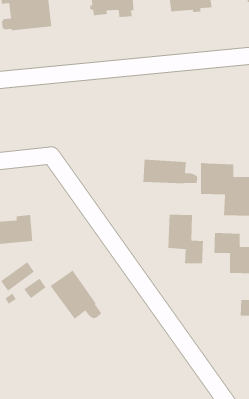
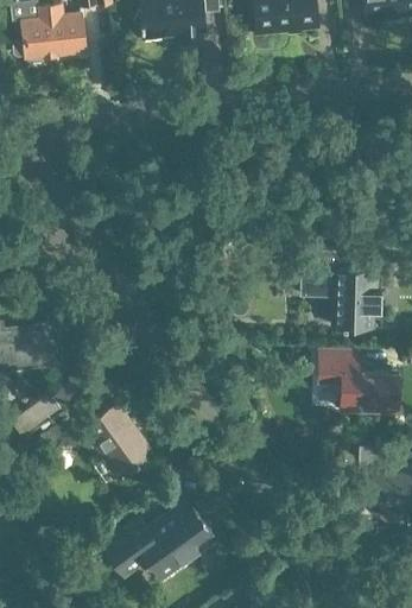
building: [143,159,198,184] -> none
building: [167,214,204,264] -> none
building: none -> [106,508,215,580]

